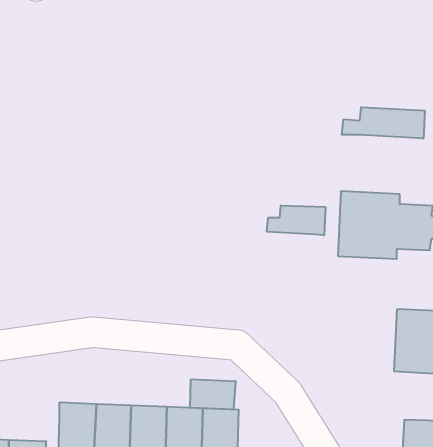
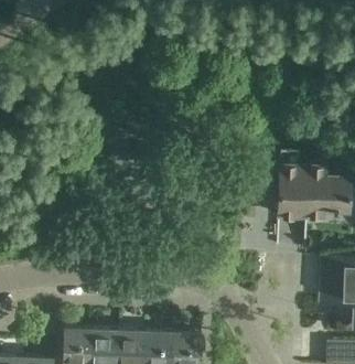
building: [342,107,425,139] -> none
building: [267,205,325,235] -> none
building: [190,379,236,410] -> none

